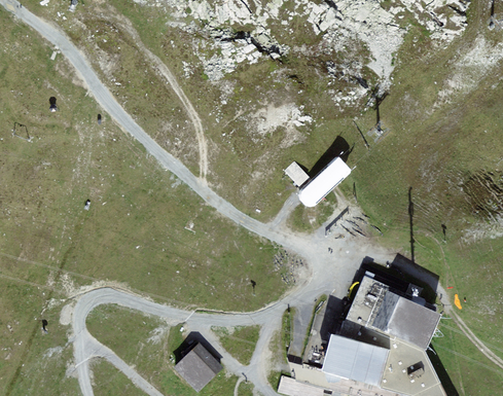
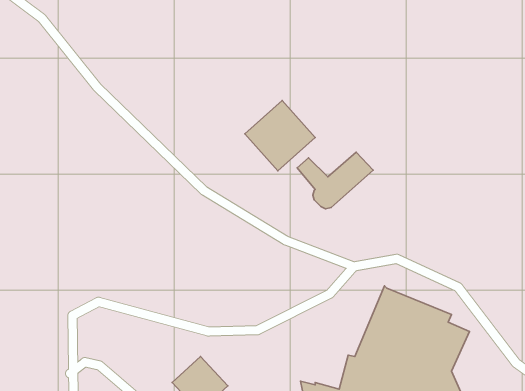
building: none -> [245,101,315,171]

